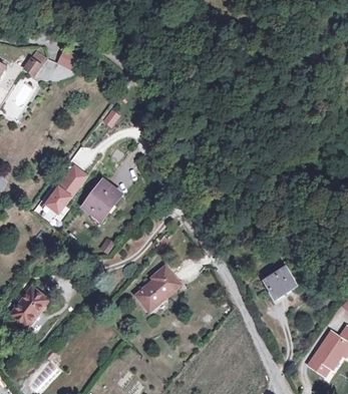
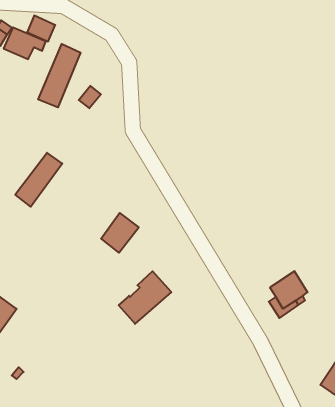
building: none -> [38,44,81,107]
building: [85,183,117,218] -> [101,213,139,253]

